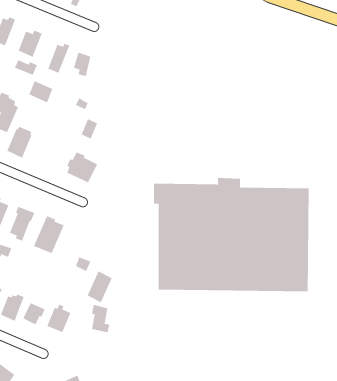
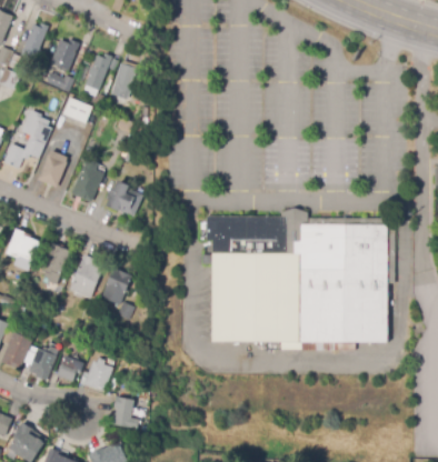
building: none -> [70,158,103,202]
building: [87,271,113,303] -> [101,267,131,304]
building: [91,304,110,333] -> [113,395,136,429]

